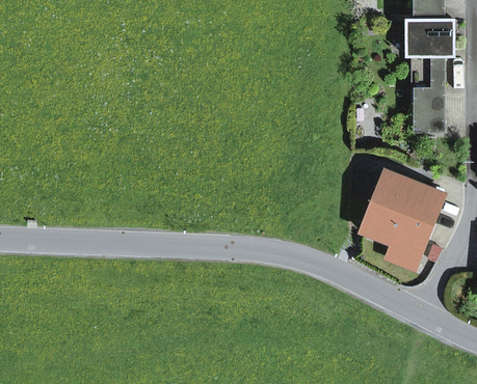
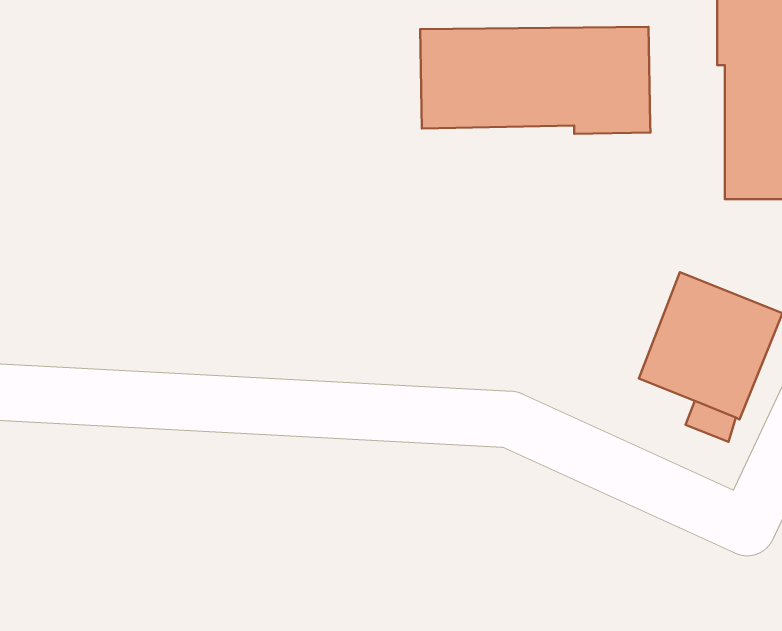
building: none -> [420,27,650,134]

